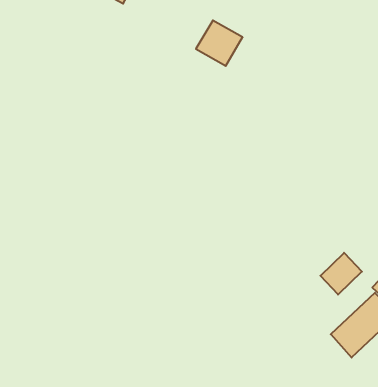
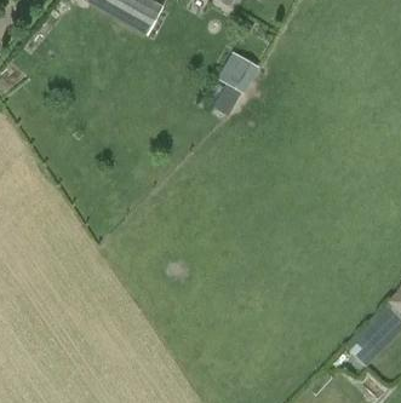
building: [320,253,362,295] -> none

